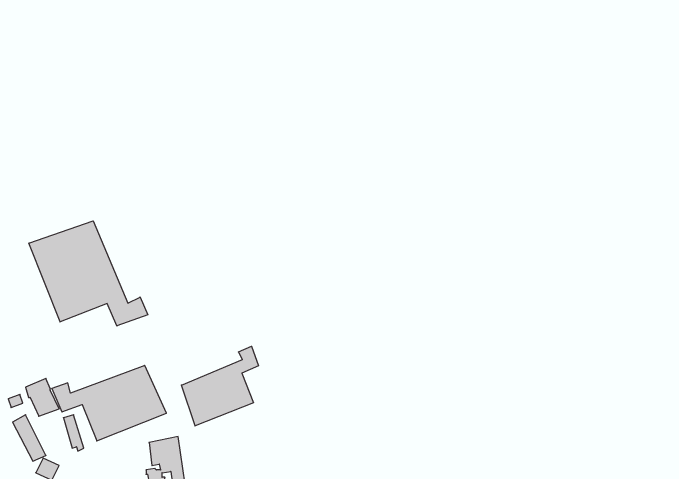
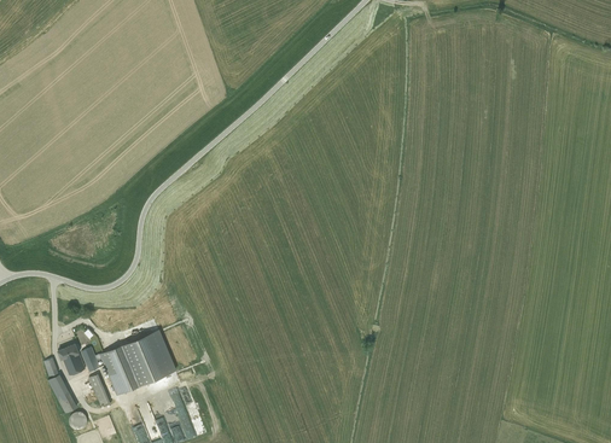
building: [29,221,148,326] -> none
building: [181,346,258,426] -> none

